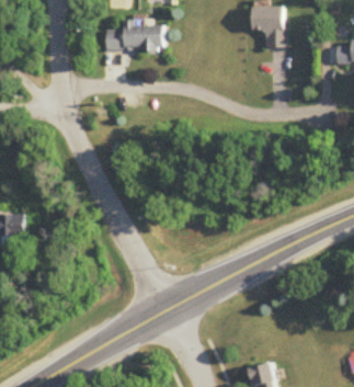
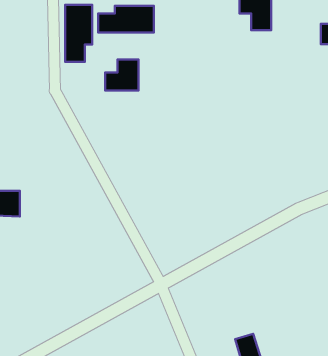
building: none -> [65,5,92,62]
building: none -> [105,59,139,90]

